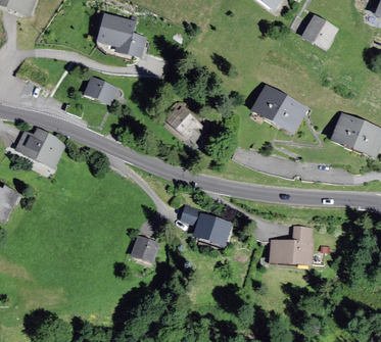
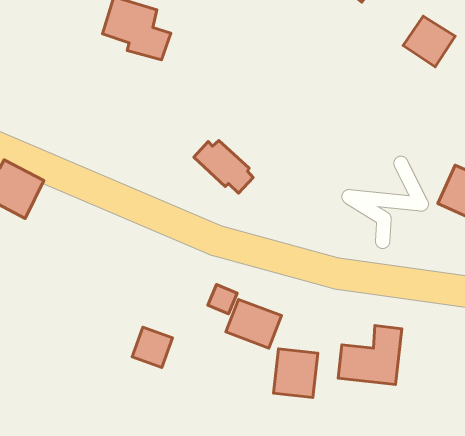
building: [85,77,115,103] -> none
building: [251,87,305,133] -> none
building: none -> [274,349,318,397]

